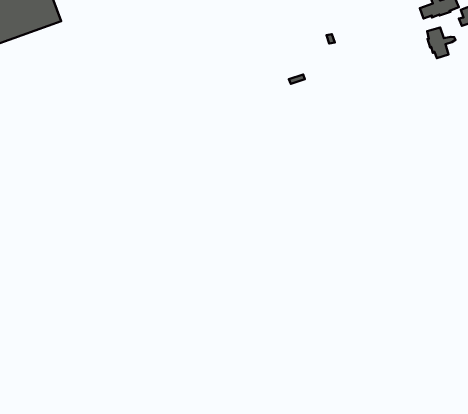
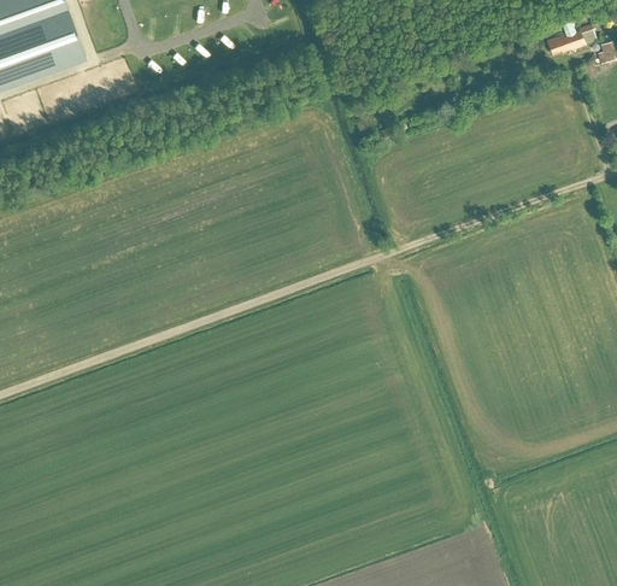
building: [427,27,455,58] -> none

